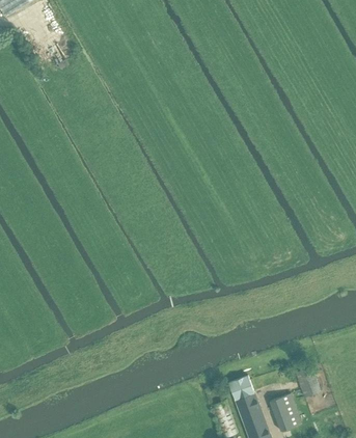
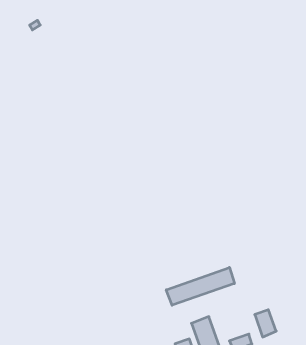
building: none -> [166,267,234,305]

